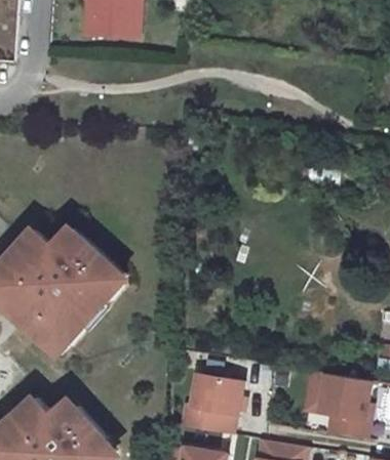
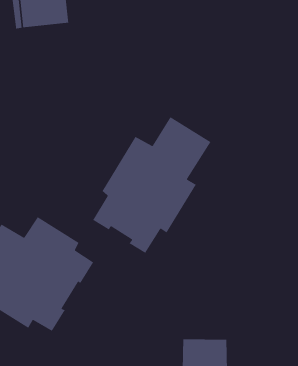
building: none -> [92,116,211,254]

